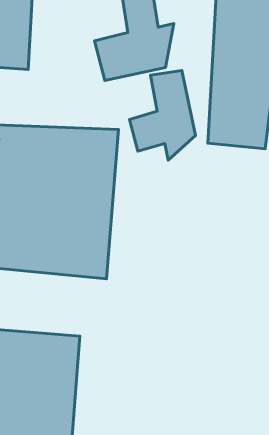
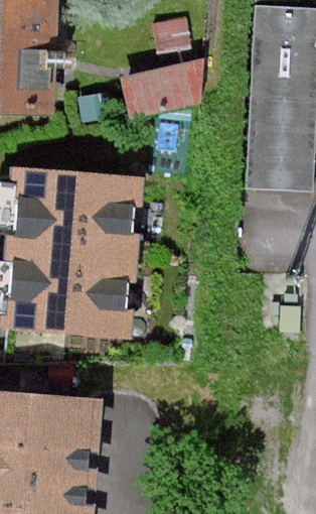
building: [130,70,196,160] -> none

